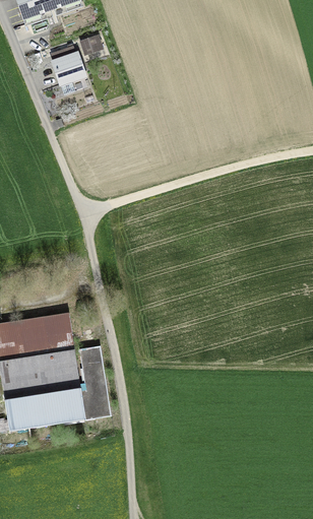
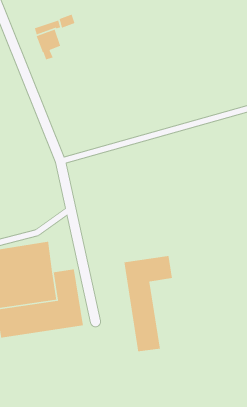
building: none -> [123,255,173,352]

